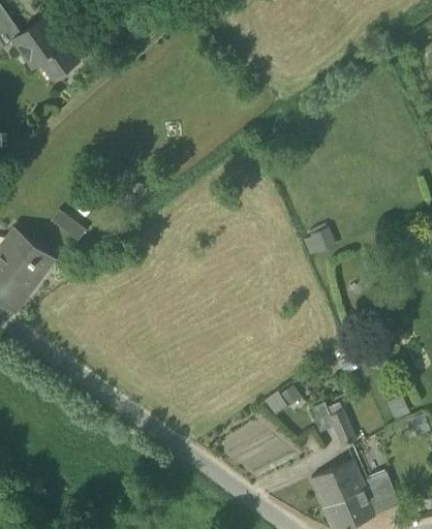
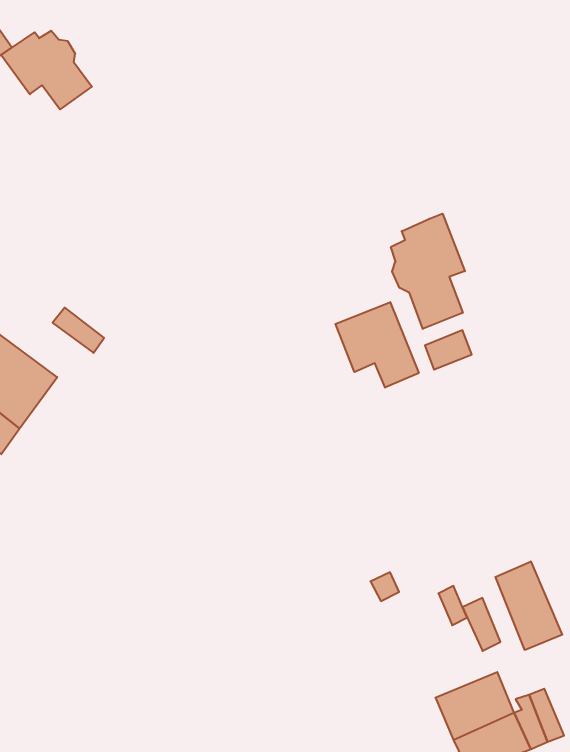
building: none -> [391,214,465,329]
building: none -> [335,302,419,388]
building: none -> [495,561,562,650]

